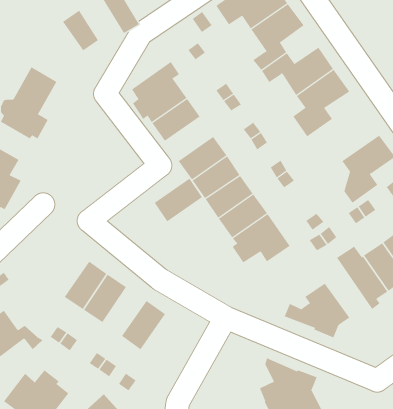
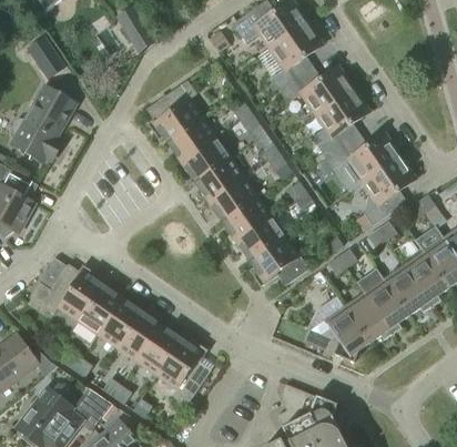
building: [62,10,99,51] -> [27,35,64,78]
building: none -> [326,132,400,182]
building: [154,178,203,222] -> [181,136,231,182]
building: none -> [29,263,103,321]
building: none -> [345,292,393,342]
building: none -> [118,311,162,360]
building: none -> [156,337,211,405]
building: none -> [71,387,112,429]

